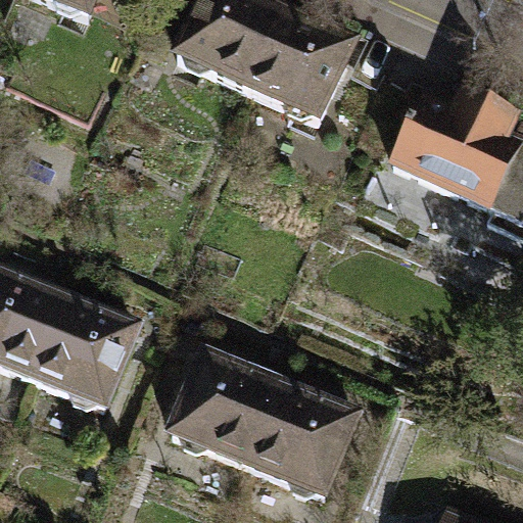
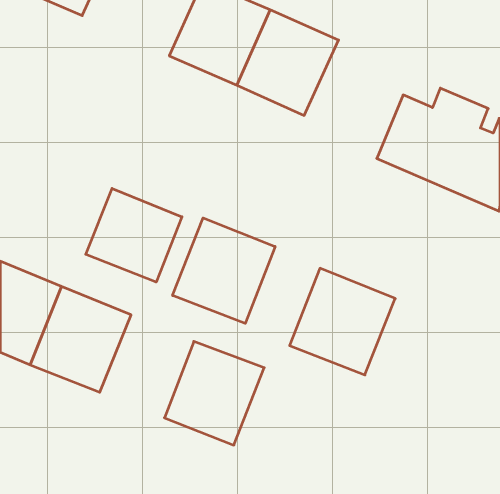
building: none -> [86,188,182,282]
building: none -> [173,218,275,323]
building: [244,384,354,495] -> [290,268,395,375]

